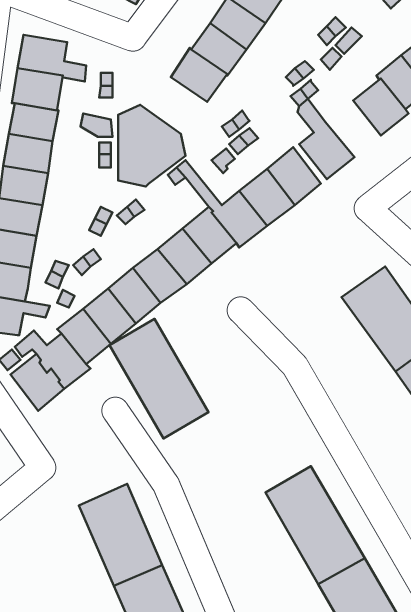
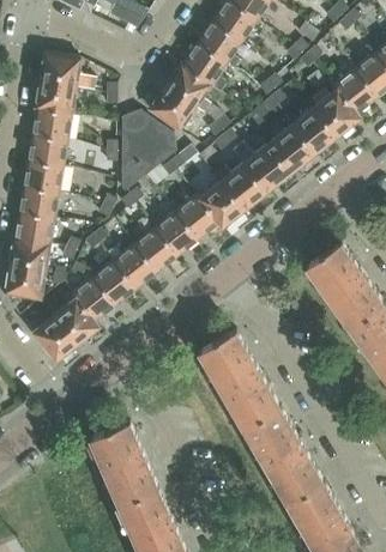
building: none -> [147,87,194,132]
building: none -> [291,107,337,153]
building: [109,319,209,438] -> [198,330,279,429]

